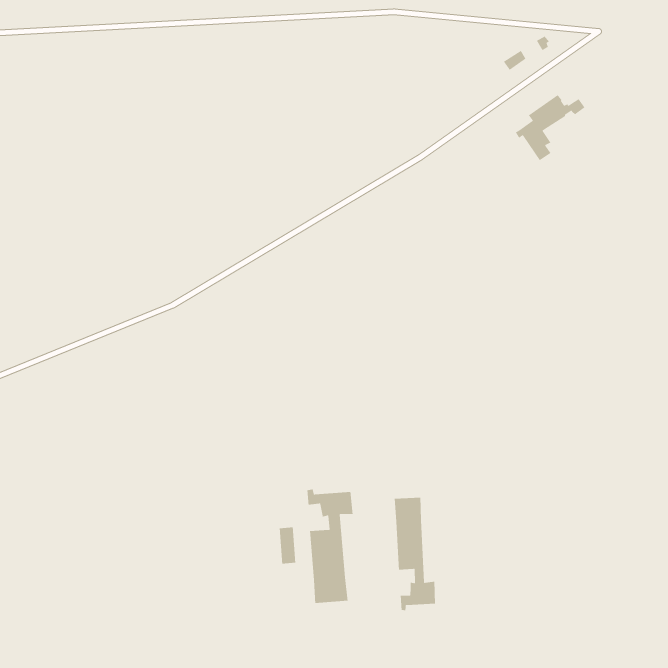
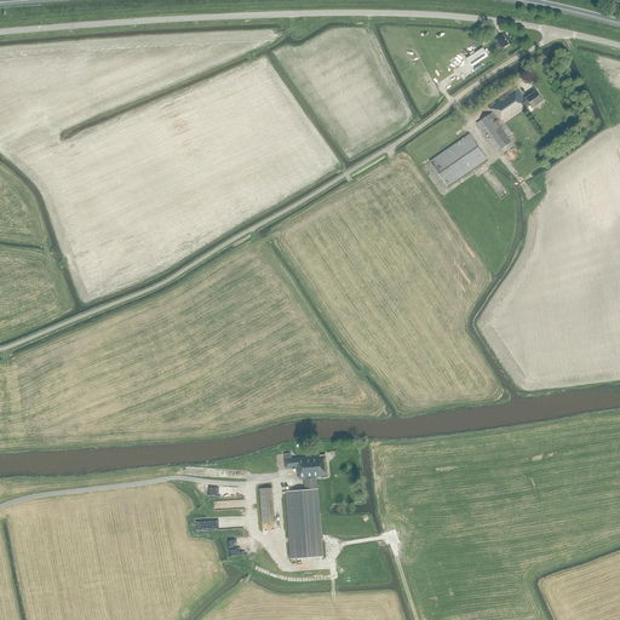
building: none -> [429,133,486,185]
building: [394,497,436,611] -> none

